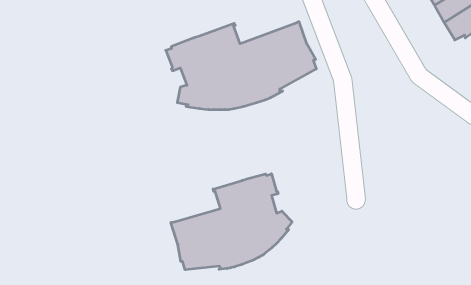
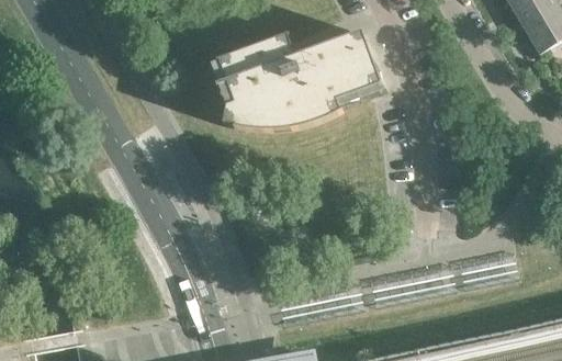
building: [171,174,292,270] -> none

